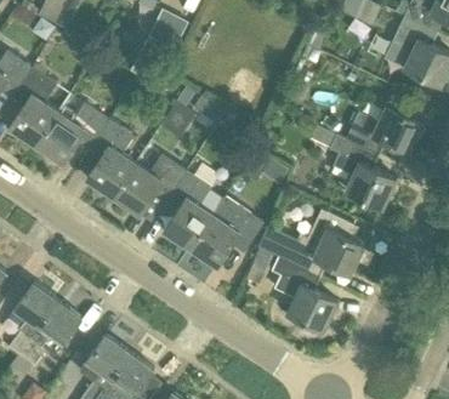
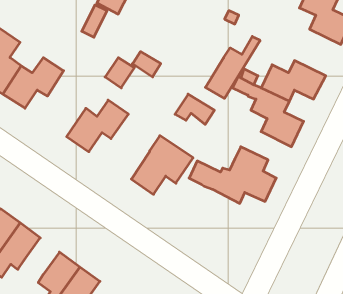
building: none -> [205,36,260,98]
building: [87,119,136,198] -> none
building: [164,171,212,249] -> none
building: [272,257,337,332] -> none

